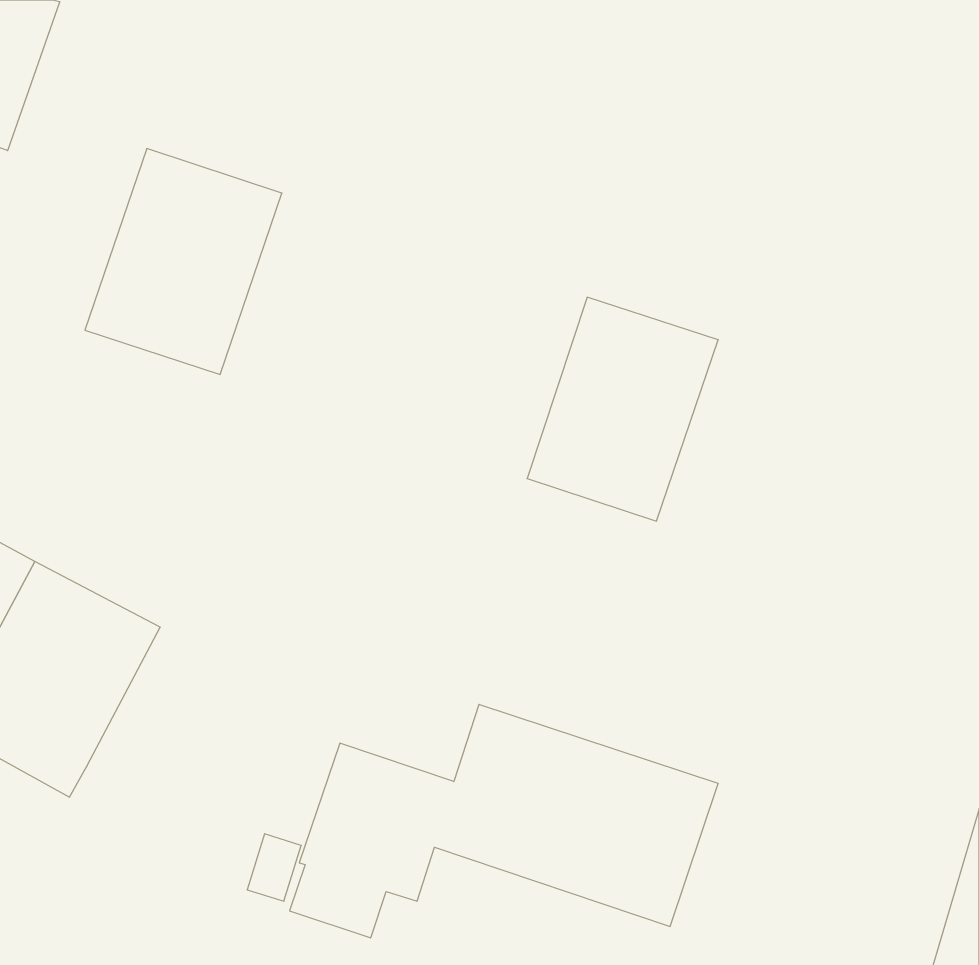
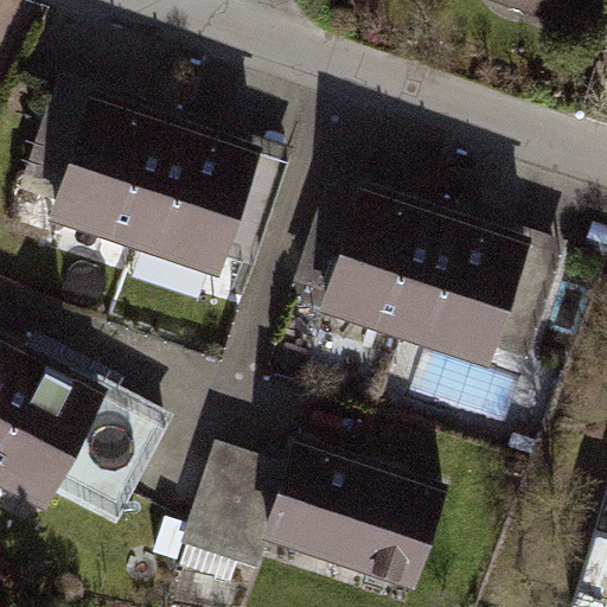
building: none -> [135,132,253,270]
building: none -> [403,222,523,360]
building: none -> [53,398,162,518]

